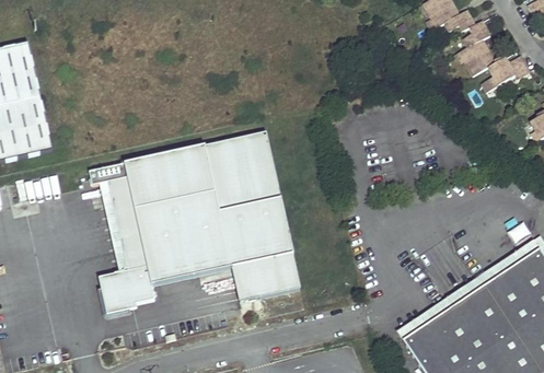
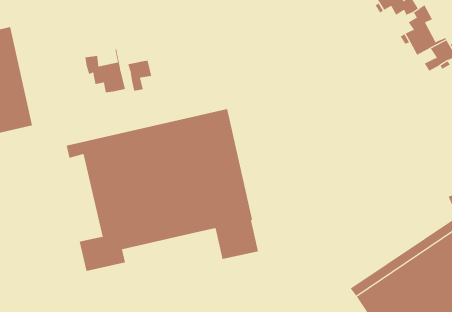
building: none -> [85,49,125,93]
building: none -> [128,60,152,91]
building: [232,263,259,302] -> none

